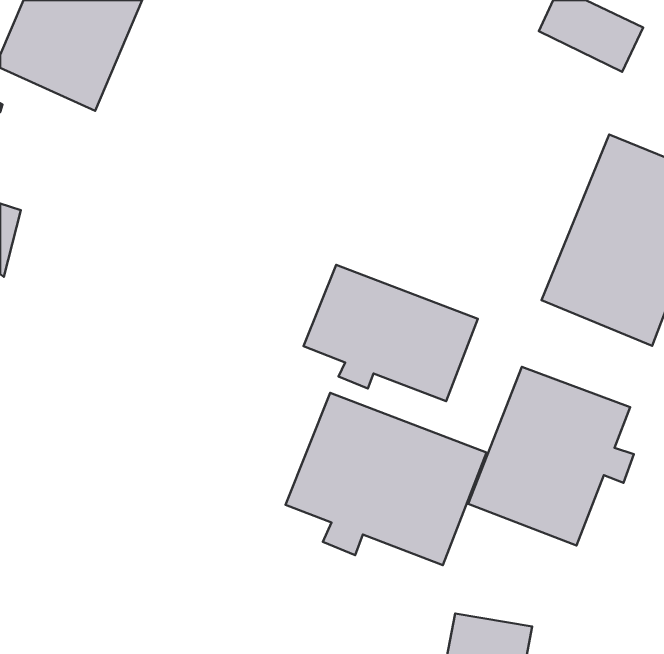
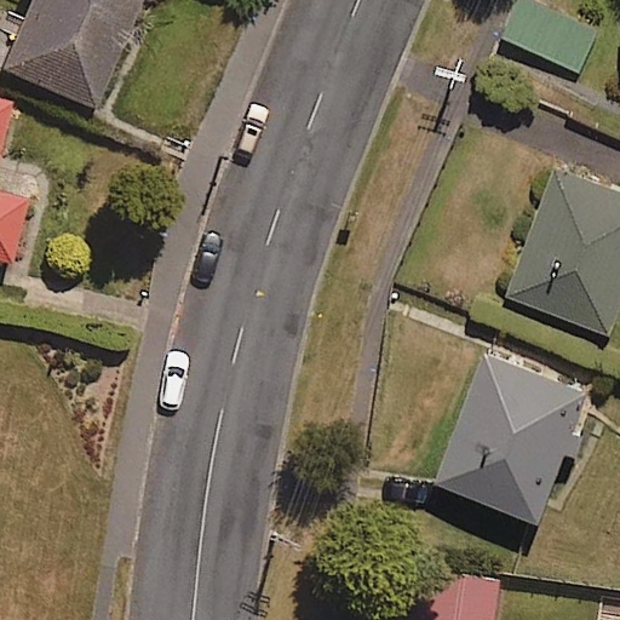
building: [303,265,478,401] -> none
building: [286,393,486,565] -> none

